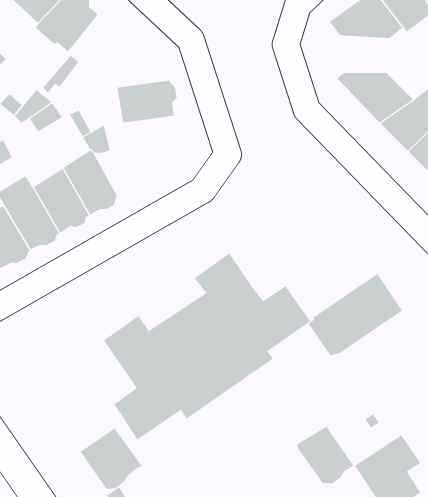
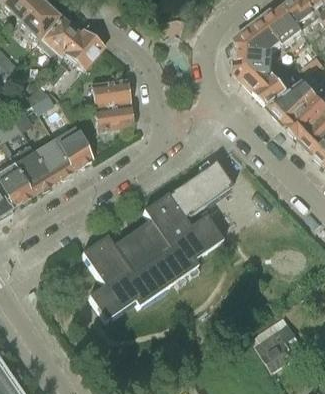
building: none -> [64,30,105,71]
building: none -> [234,47,276,76]
building: none -> [96,101,137,132]
building: [308,273,403,357] -> [169,160,233,216]
building: [296,426,354,485] -> none
building: [80,428,142,490] -> none

